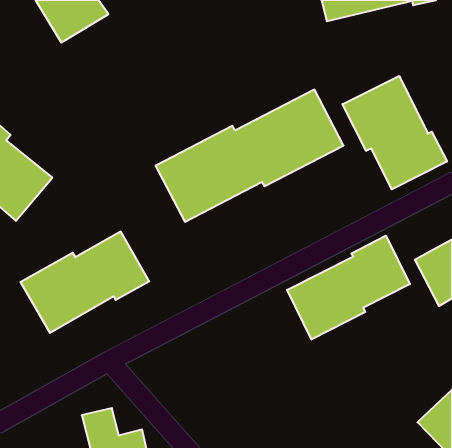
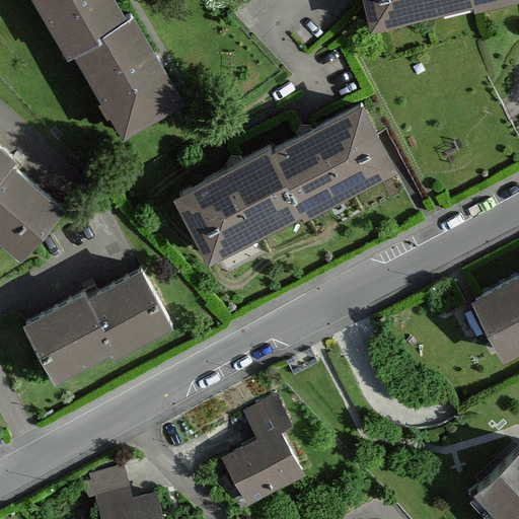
building: none -> [75,19,176,132]
building: [342,76,447,189] -> none
building: [287,236,410,340] -> none
building: none -> [221,396,302,505]

